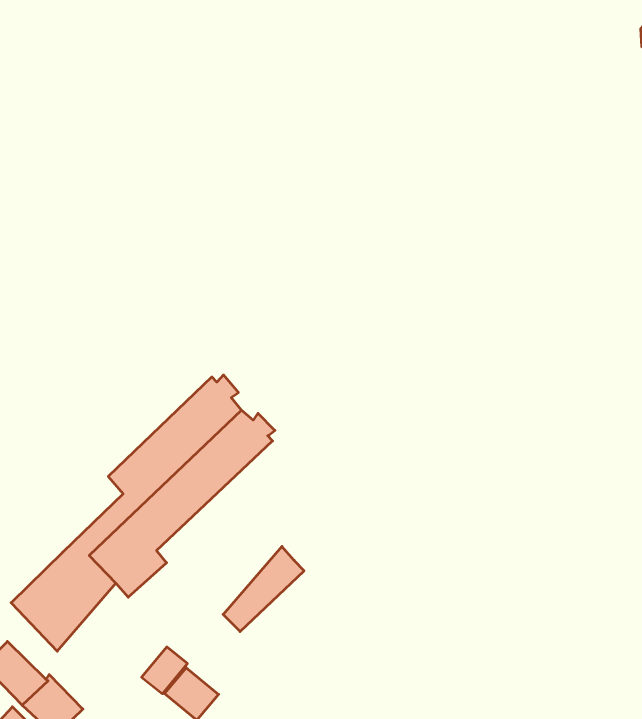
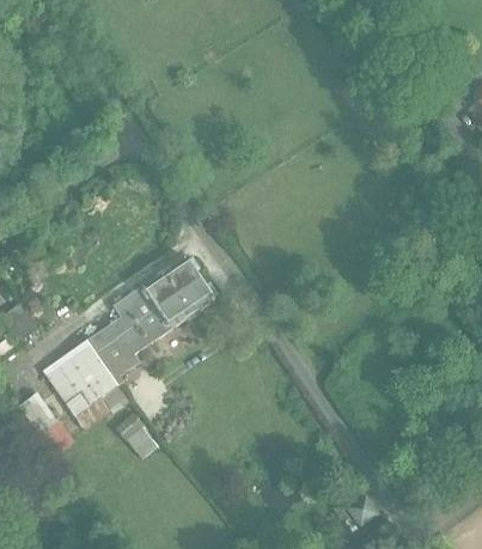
building: [223,546,304,632] -> [65,368,117,415]

